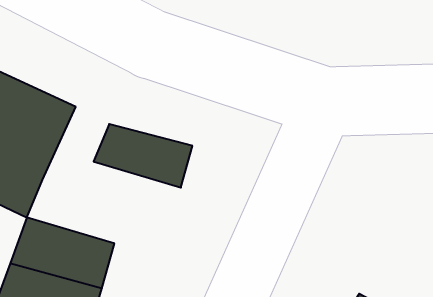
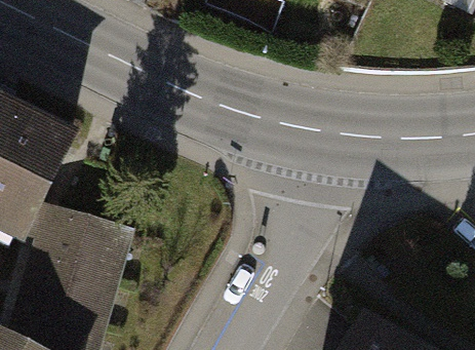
building: [94,124,192,188] -> [33,207,130,270]

